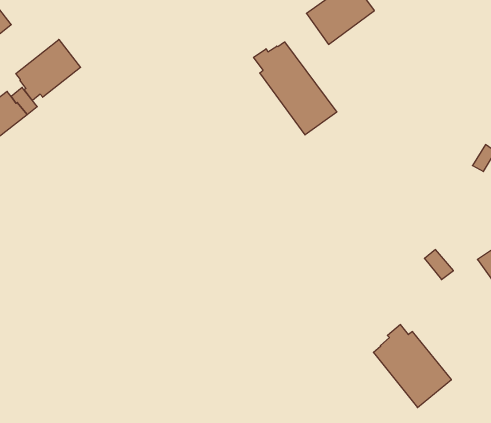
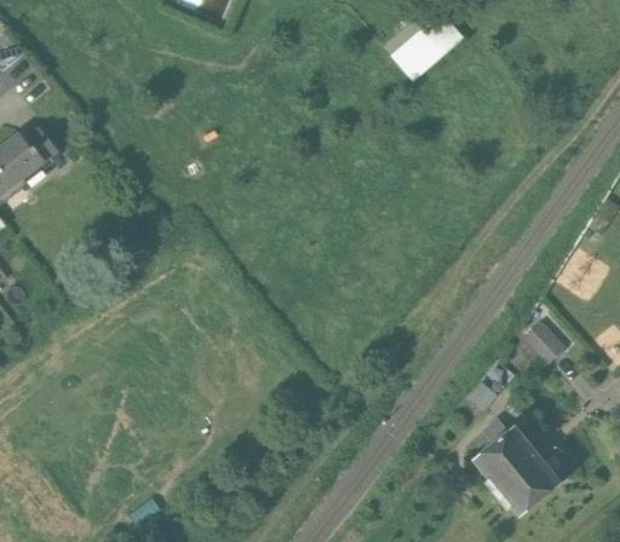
building: [16,39,81,100] -> none
building: [254,42,337,135] -> none

